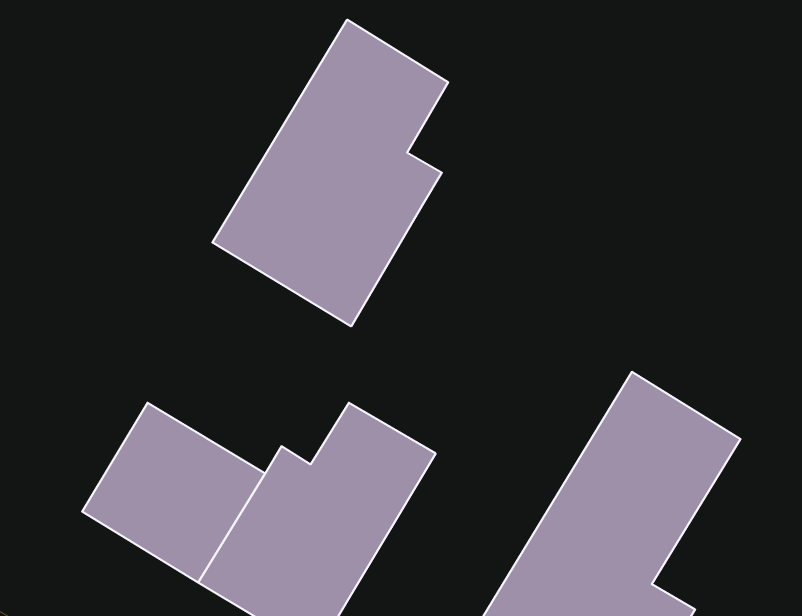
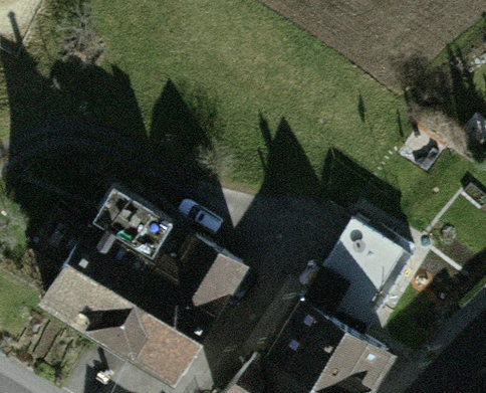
building: [212,20,448,326] -> none
building: none -> [84,197,196,285]

